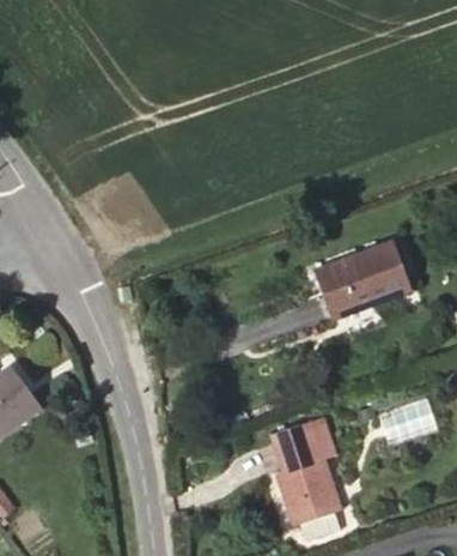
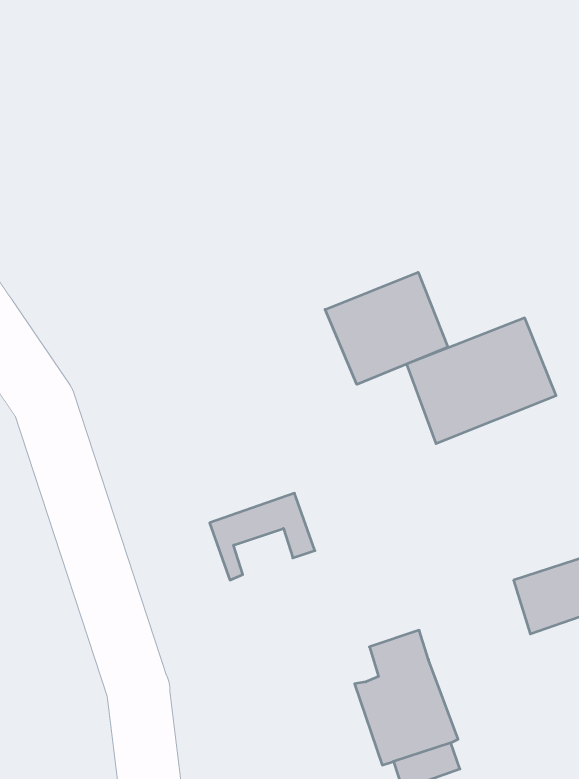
building: none -> [325,272,448,384]
building: [269,413,337,470] -> [210,493,315,580]

